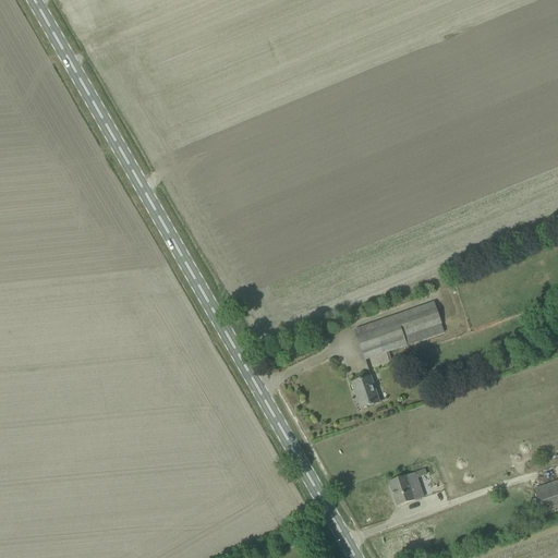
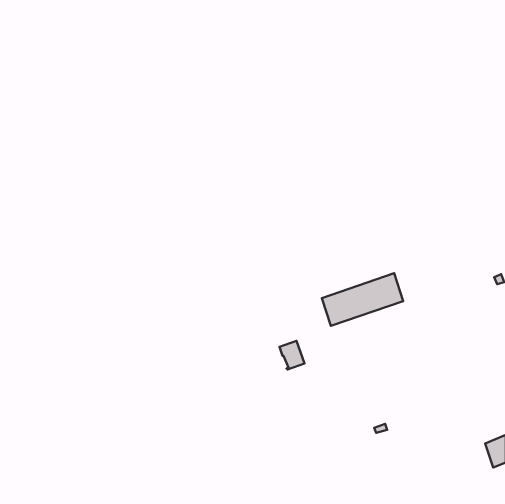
building: [353,375,380,407] -> [280,341,304,370]
building: [390,473,424,505] -> none

